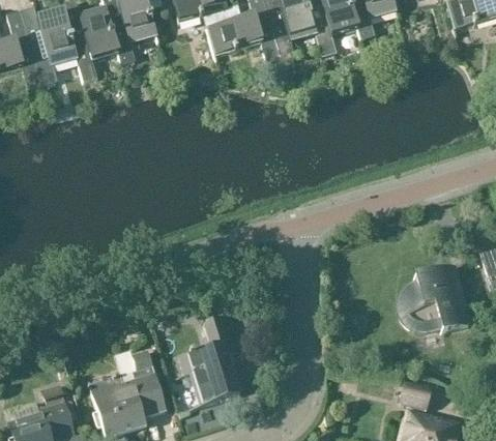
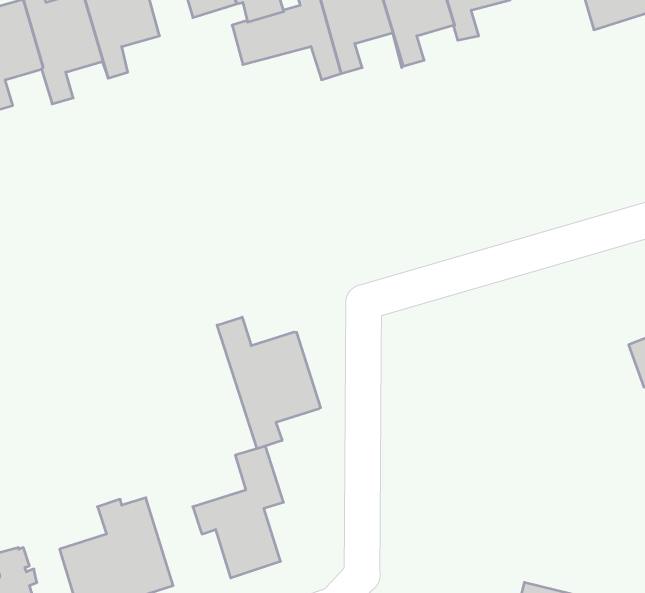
building: none -> [217,317,321,449]
building: [399,267,467,331] -> none
building: [399,379,431,410] -> none

